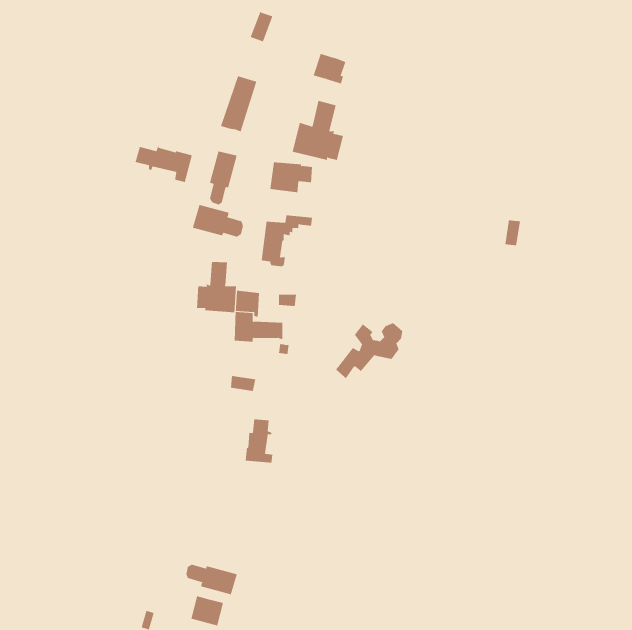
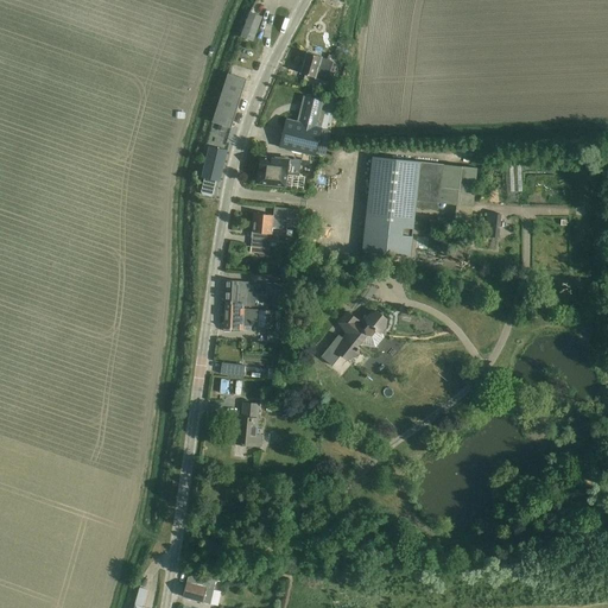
building: [135,146,193,183] -> none
building: none -> [362,156,477,255]
building: [192,204,243,238] -> none
building: [196,261,236,313] -> none
building: [186,564,237,595] -> none

